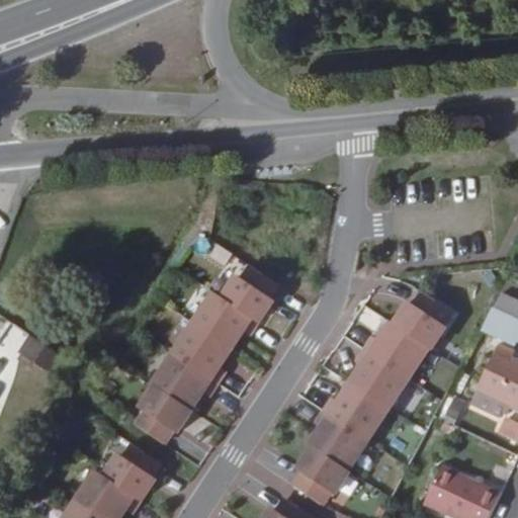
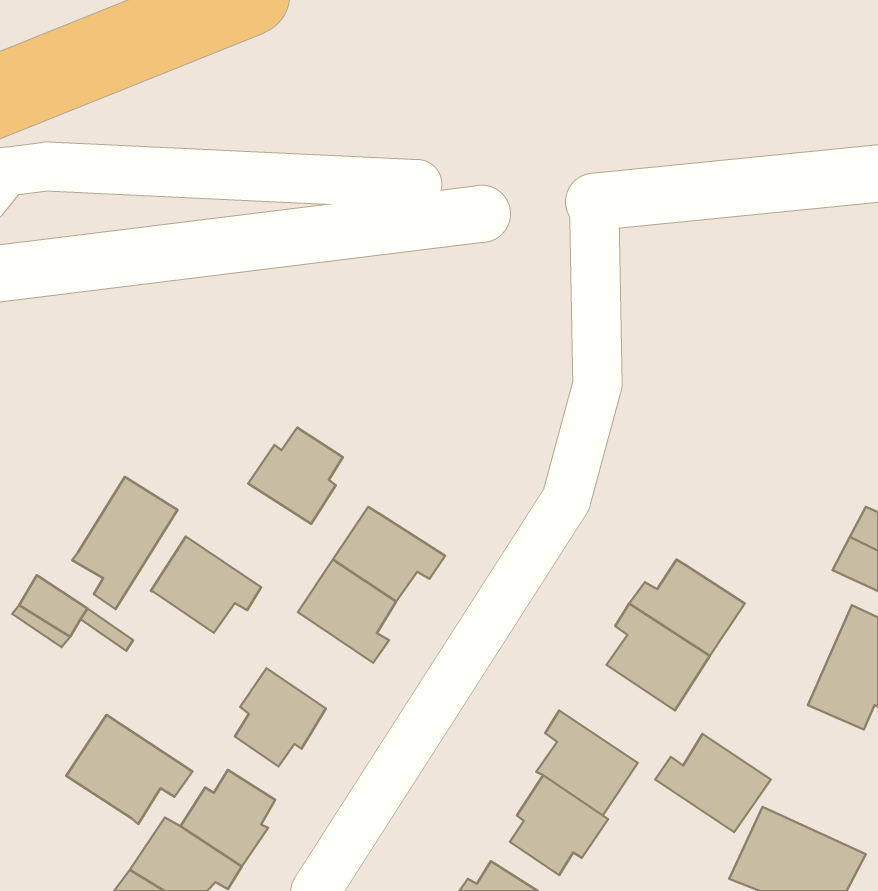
building: [221,265,275,321] -> [248,427,343,524]
building: none -> [72,477,177,609]
building: [396,292,450,349] -> none
building: [152,353,215,409] -> [151,536,261,633]
building: [323,383,390,440] -> [655,734,771,832]
building: none -> [66,715,193,824]

